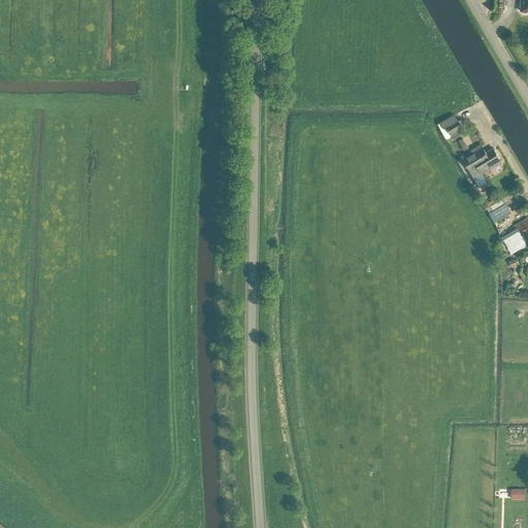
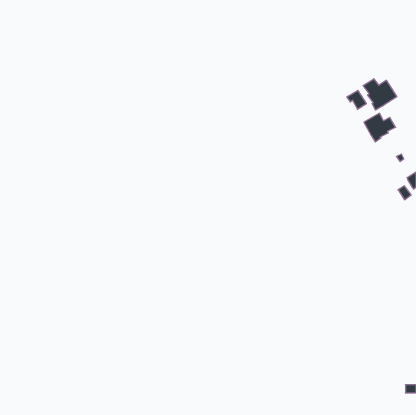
building: none -> [363,79,397,110]

